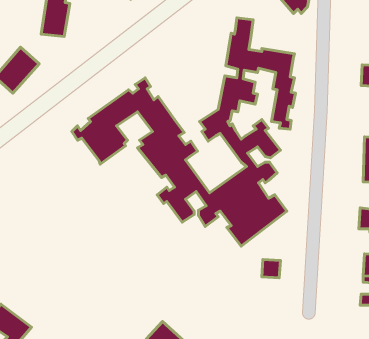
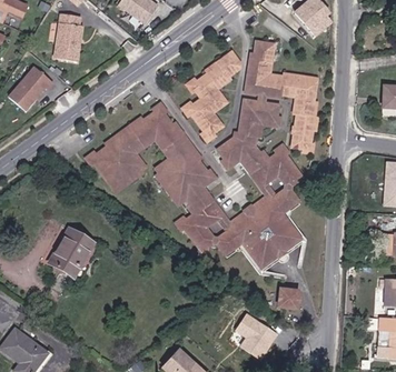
building: none -> [181,51,242,134]
building: none -> [53,230,105,282]
building: none -> [235,309,277,356]

